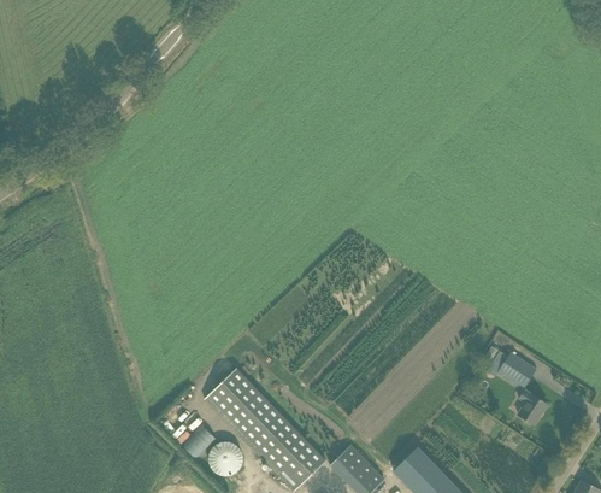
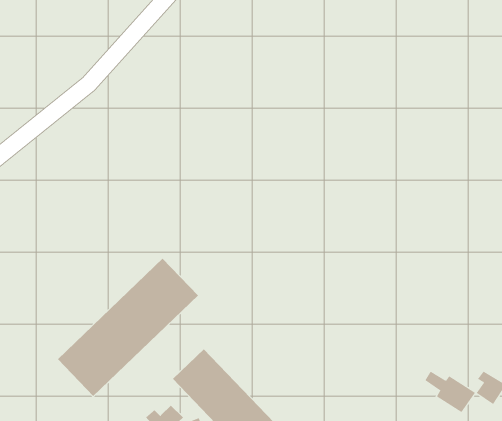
building: none -> [57,258,199,397]
building: [485,346,538,389] -> [424,371,476,413]

